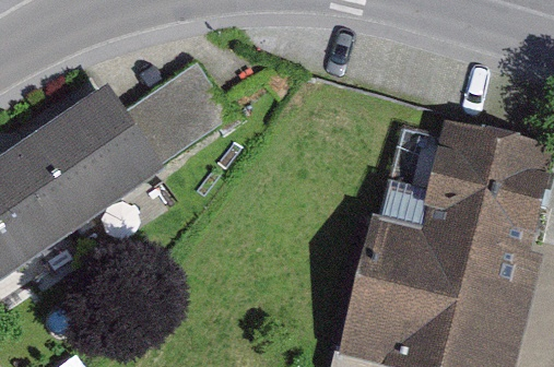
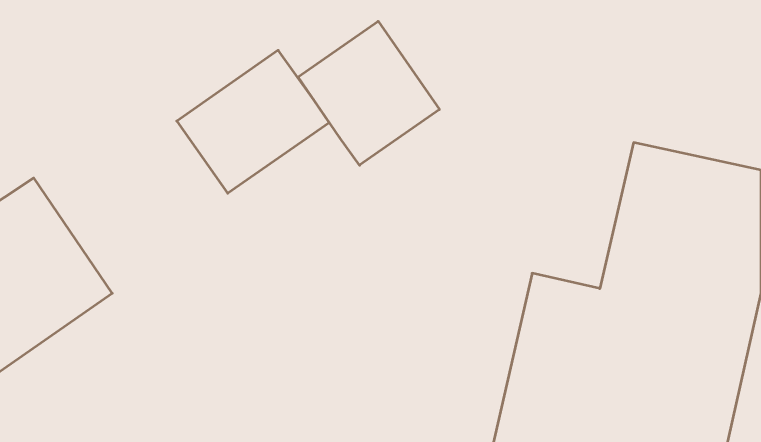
building: none -> [298,21,439,165]
building: [24,90,167,230] -> none

